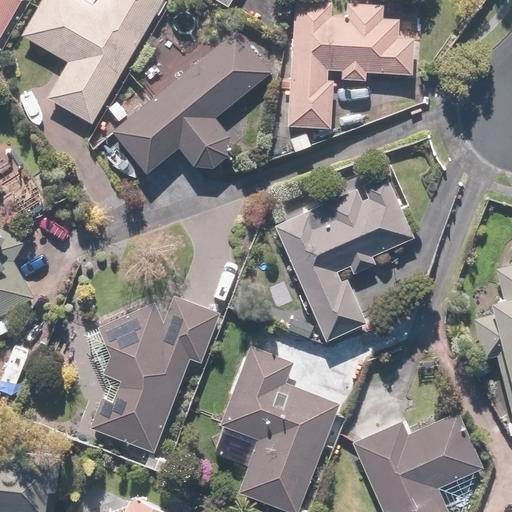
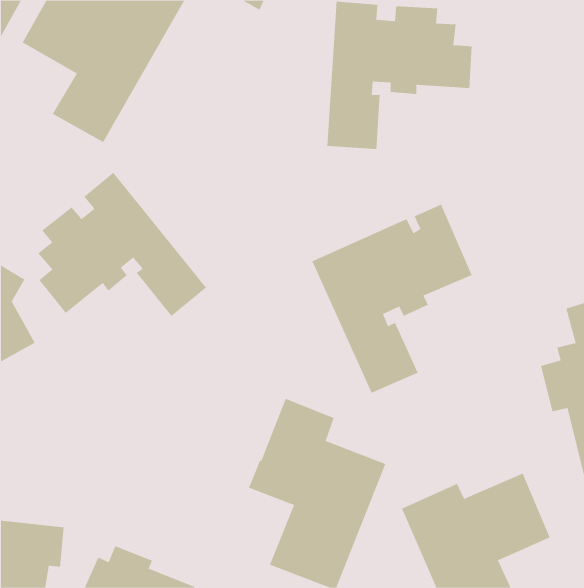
building: [112,32,272,175] -> none
building: none -> [37,172,207,317]
building: [90,297,221,453] -> none

